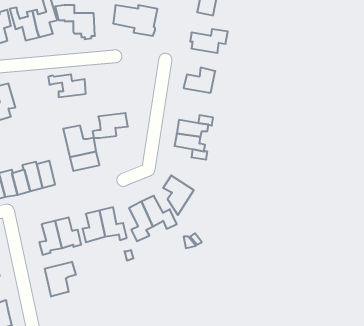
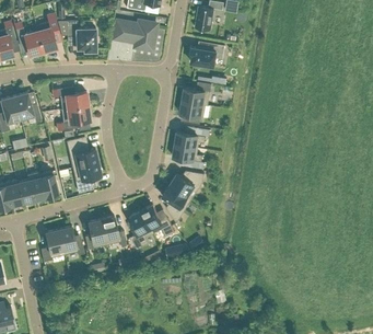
building: none -> [13,92,42,125]
building: none -> [179,101,206,124]
building: [93,113,128,138] -> [56,106,90,130]
building: none -> [170,171,205,199]
building: [45,262,76,297] -> none

